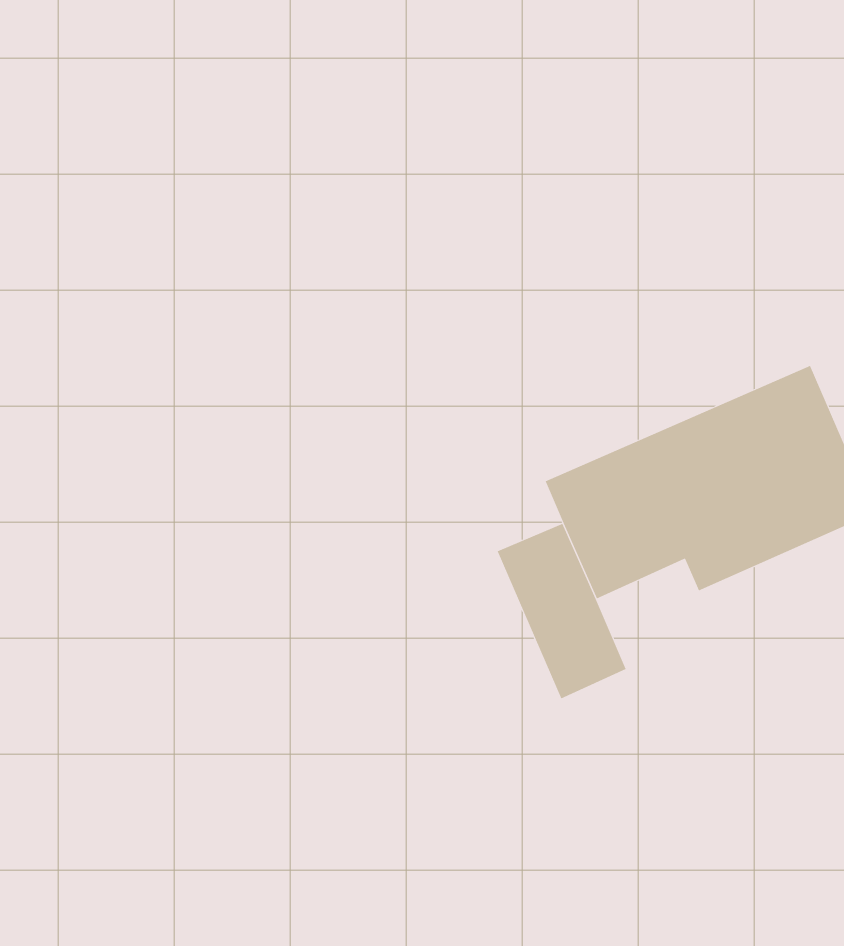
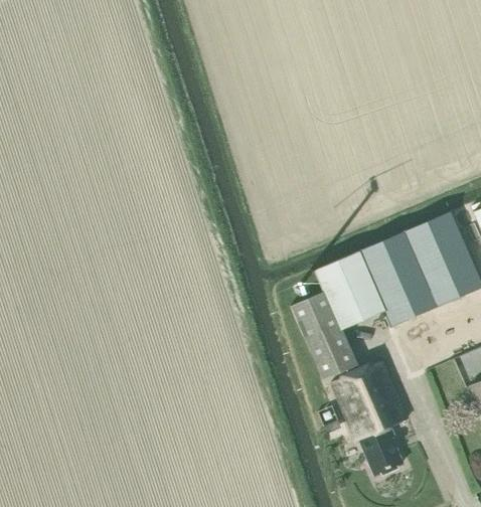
building: none -> [332,360,407,475]

